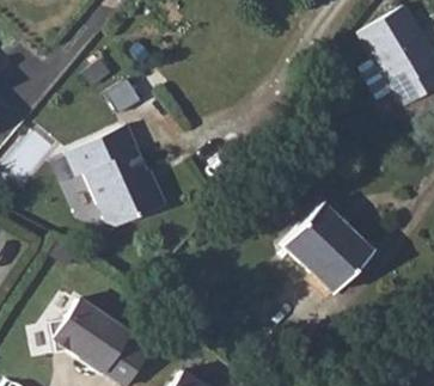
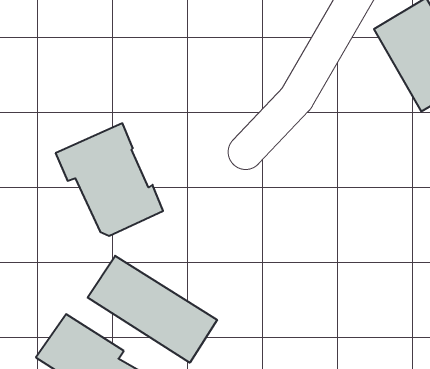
building: [283,204,371,290] -> none
building: none -> [88,256,217,363]

